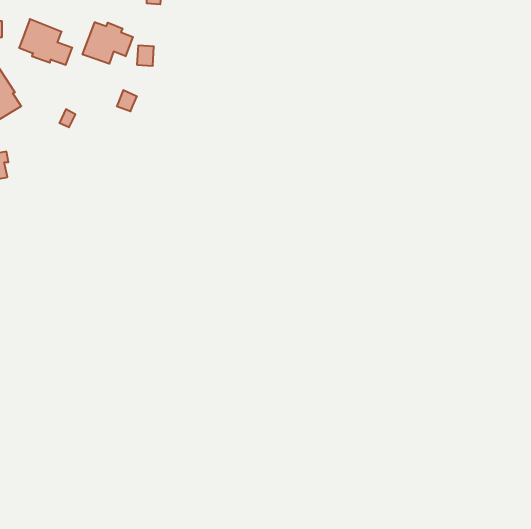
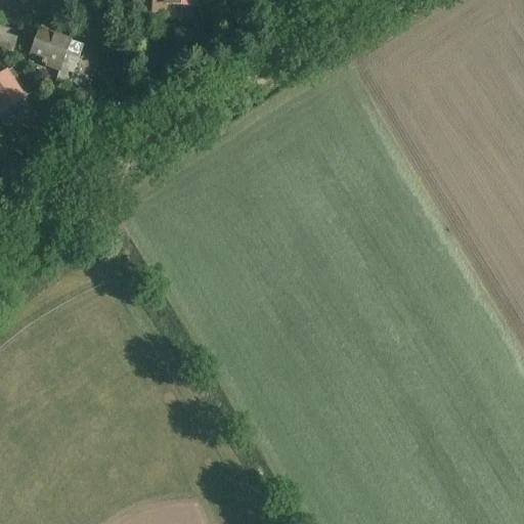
building: [83,22,133,64] -> none

